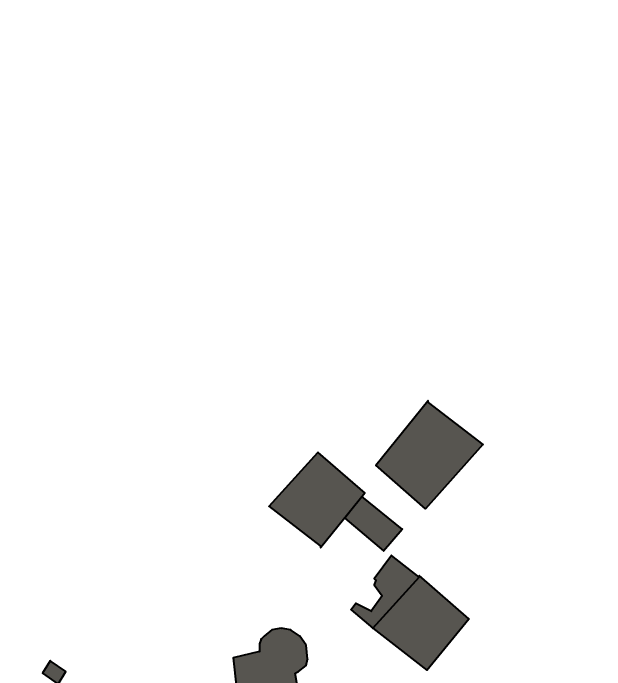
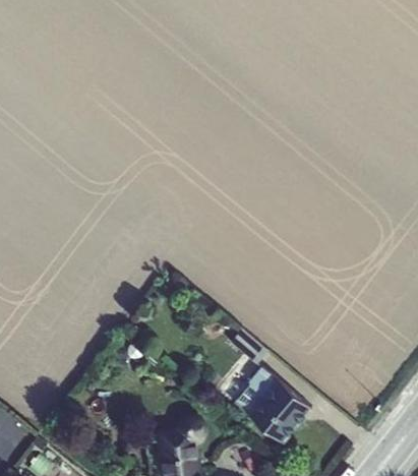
building: [376,401,483,509] -> none
building: [269,452,365,548] -> none

